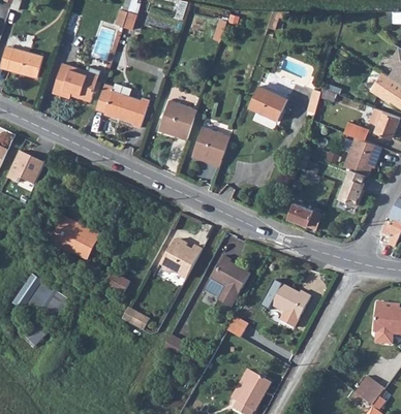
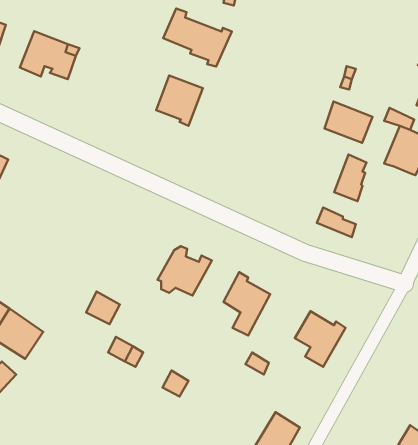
building: [97,79,152,126] -> [163,8,232,67]
building: [248,84,286,117] -> [324,101,372,143]
building: [191,122,228,164] -> none
building: [338,169,364,206] -> [334,155,367,201]
building: [52,218,101,258] -> none

